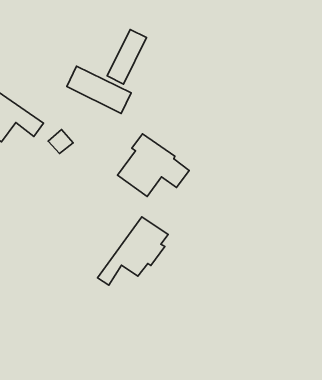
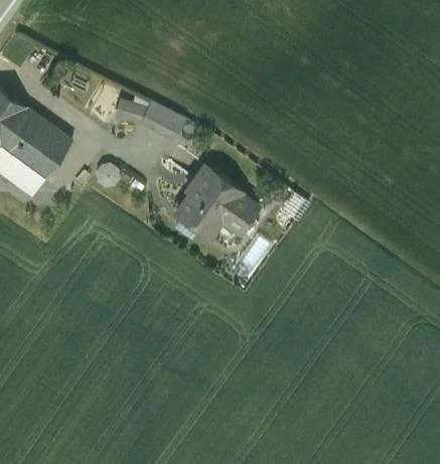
building: [107,29,146,84] -> none
building: [98,217,168,285] -> none

